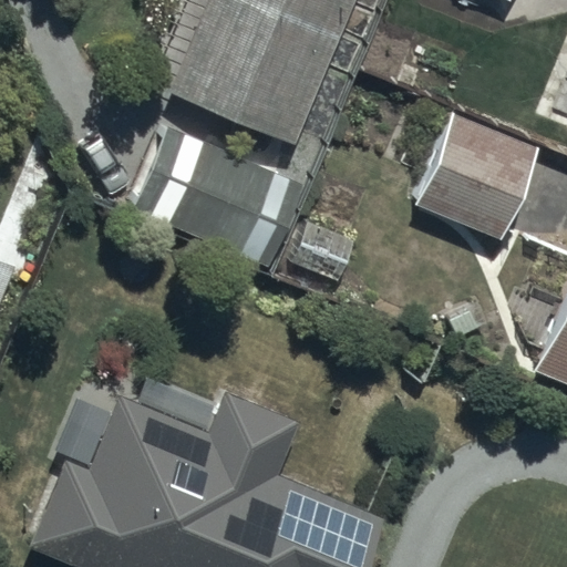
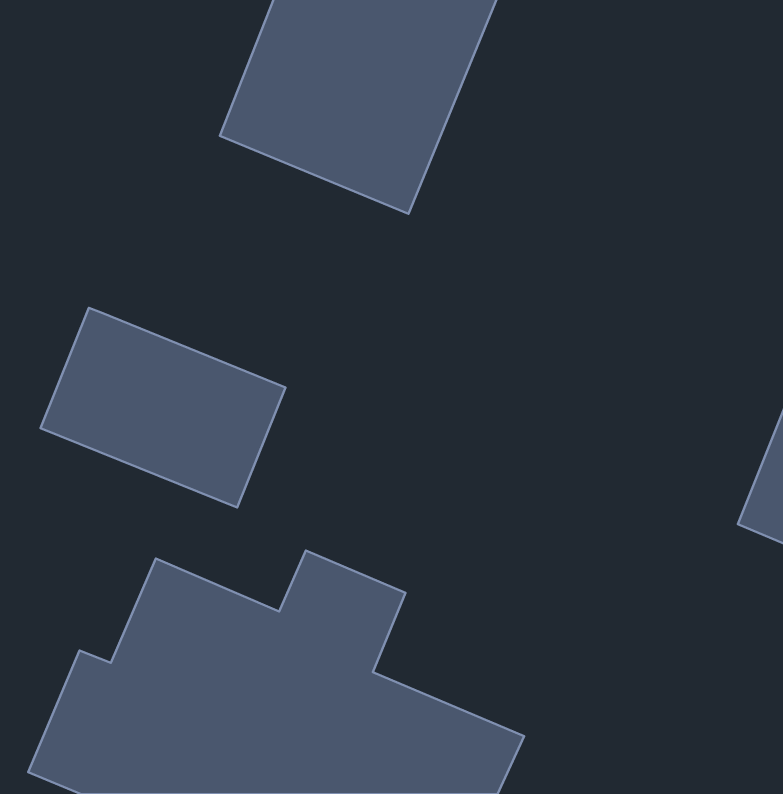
building: [417,113,540,241] -> none
building: [133,126,307,268] -> [40,308,285,508]

